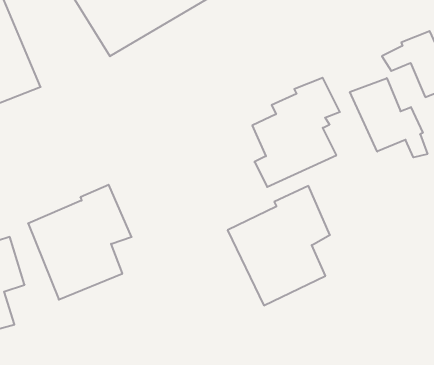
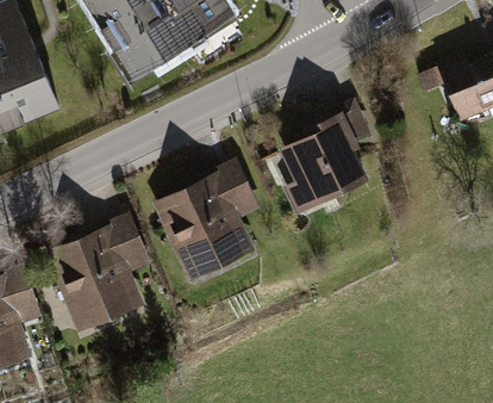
building: [350,78,427,157] -> none
building: [228,186,330,305] -> [152,156,260,281]

